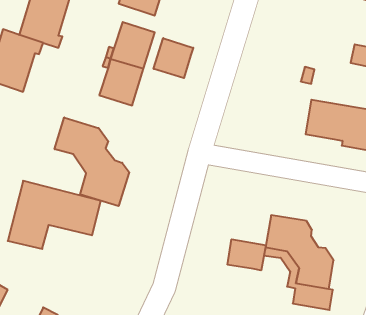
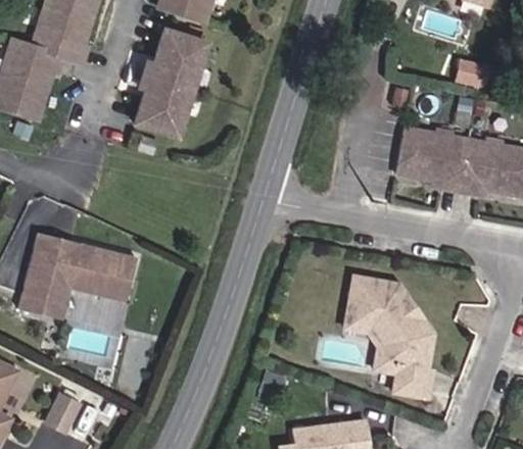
building: [154,38,193,78] -> none
building: [55,117,129,206] -> none
building: [228,239,266,270] -> none

